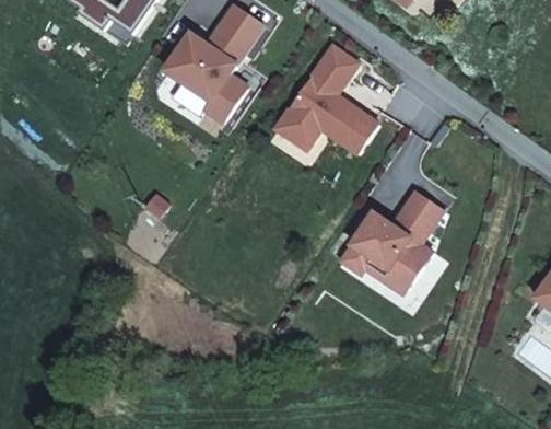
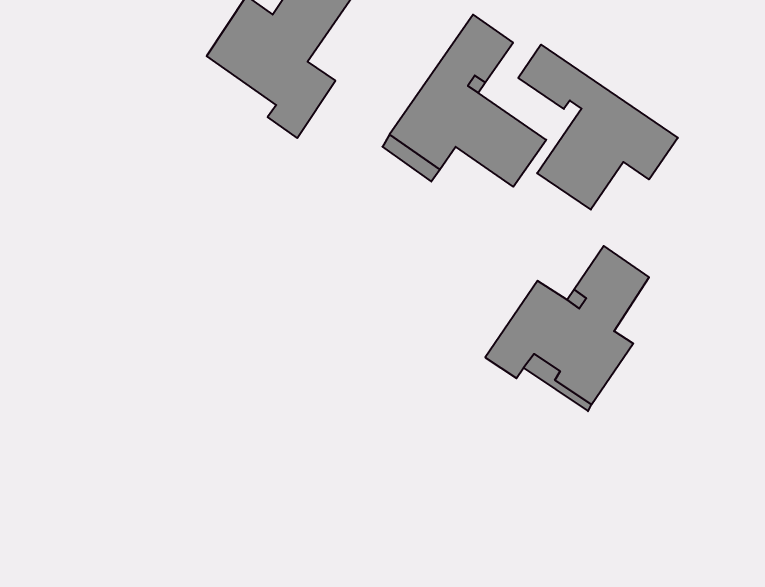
building: none -> [518,45,678,210]

